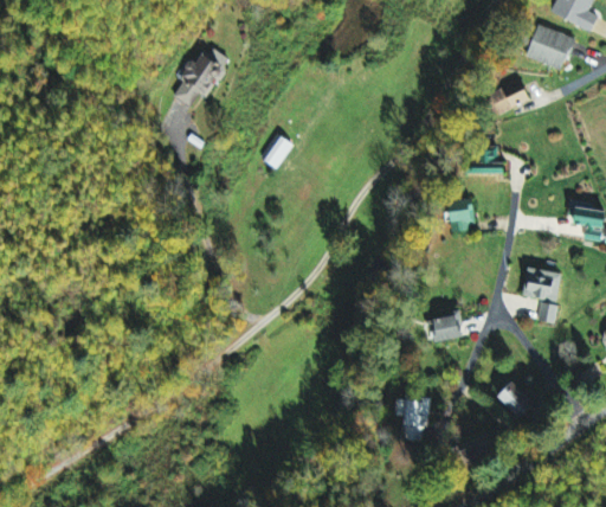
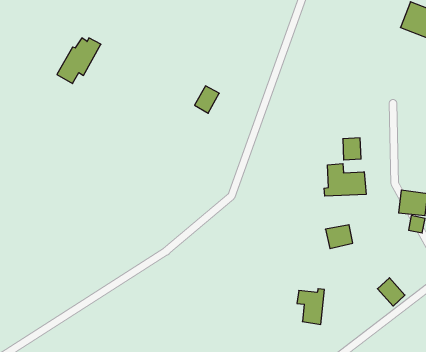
building: [170,49,227,108] -> [57,38,101,84]
building: [491,81,529,113] -> none
building: none -> [324,164,366,196]

